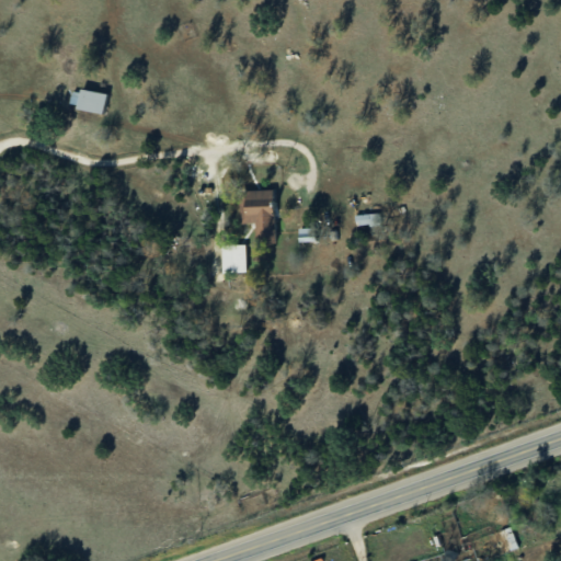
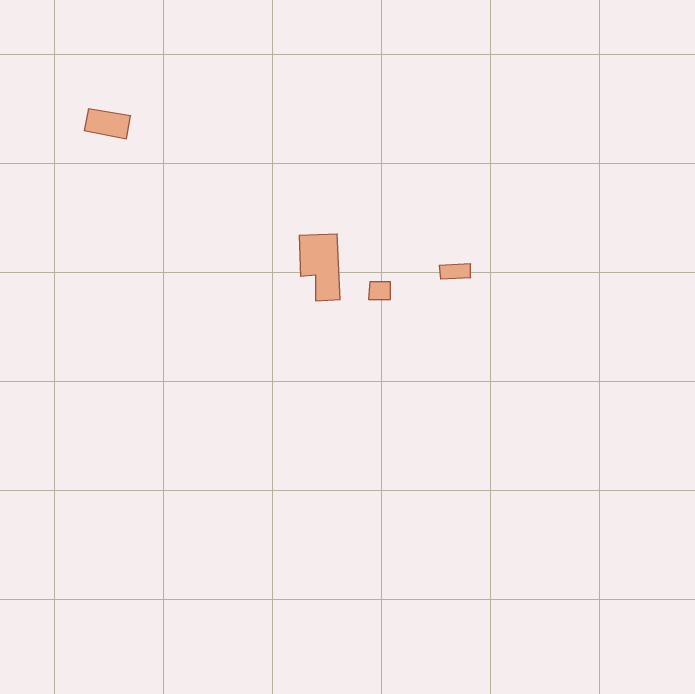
building: [221,245,245,273] -> none

